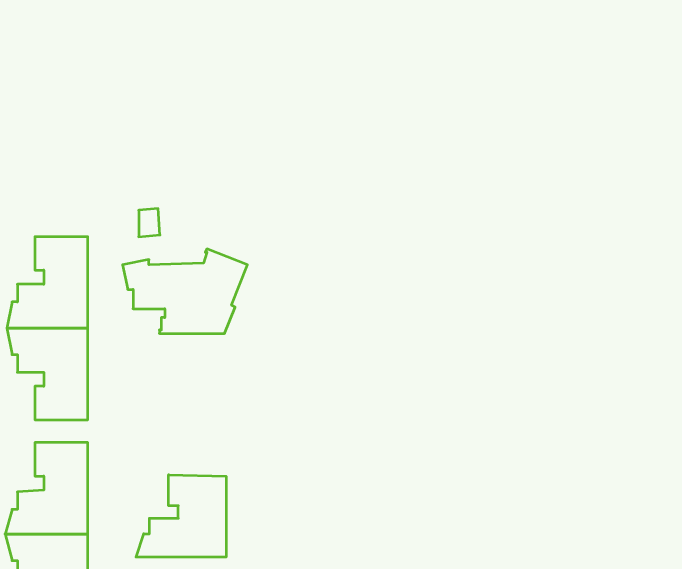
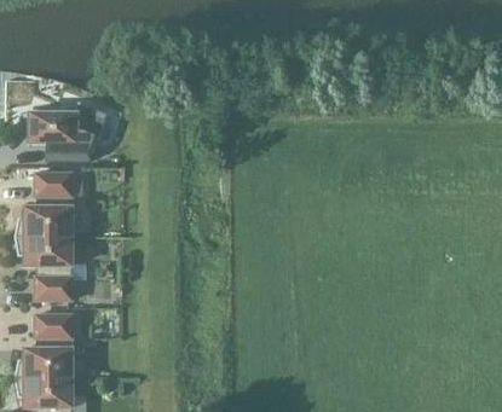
building: [123,249,247,333] -> [21,103,106,161]
building: [136,475,226,557] -> none

